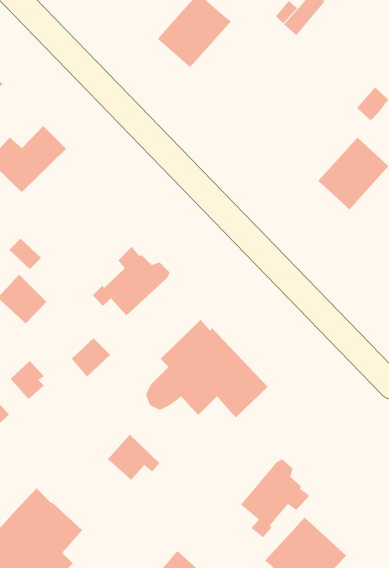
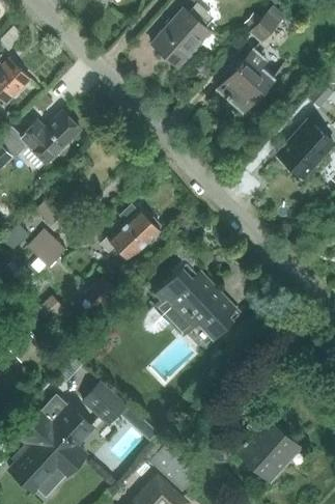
building: none -> [217,51,273,113]
building: [107,434,160,480] -> [84,383,125,419]
building: [240,458,310,538] -> none

